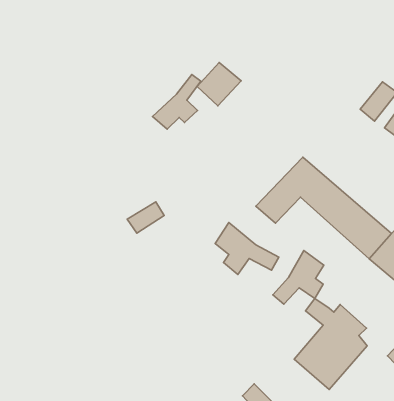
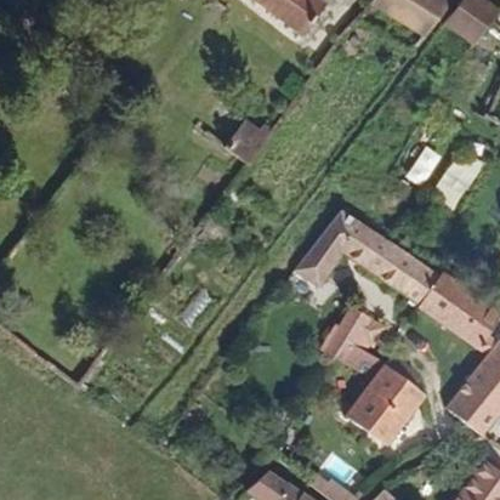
building: [153,75,201,129] -> none
building: [215,222,279,274] -> none

